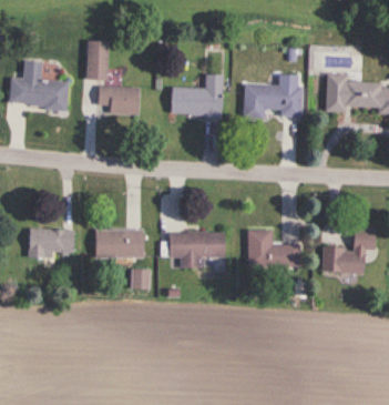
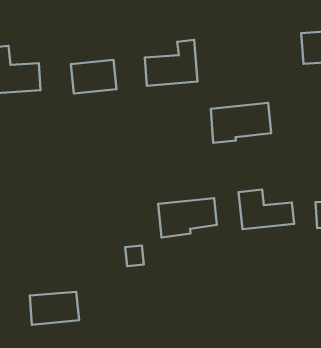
building: [88,41,106,80] -> none
building: [244,84,301,118] -> [211,103,271,143]
building: [28,227,74,256] -> [30,292,79,325]
building: [95,227,144,256] -> none

